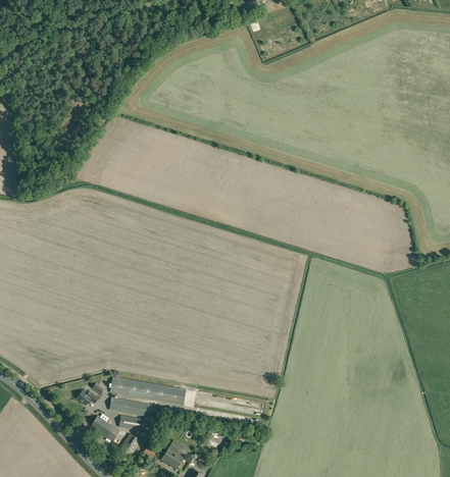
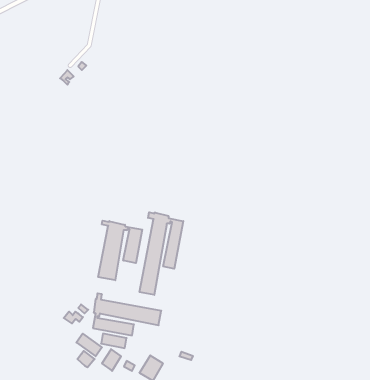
building: none -> [140,212,183,295]
building: none -> [98,221,142,280]

